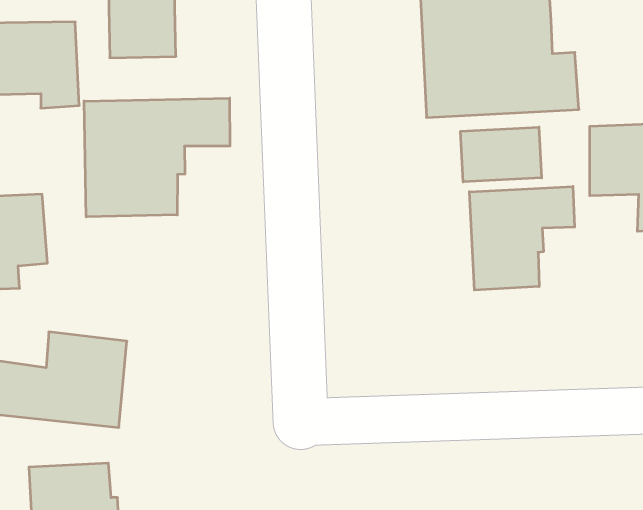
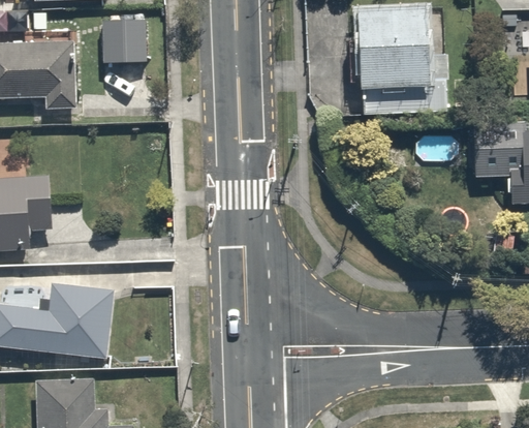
building: [84,98,230,217] -> none
building: [461,127,542,182] -> none
building: [469,186,575,290] -> none

